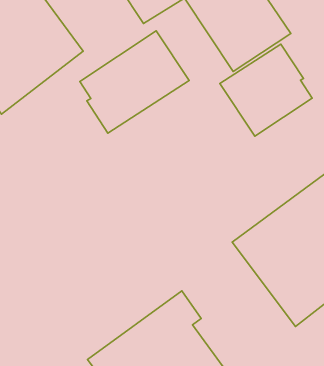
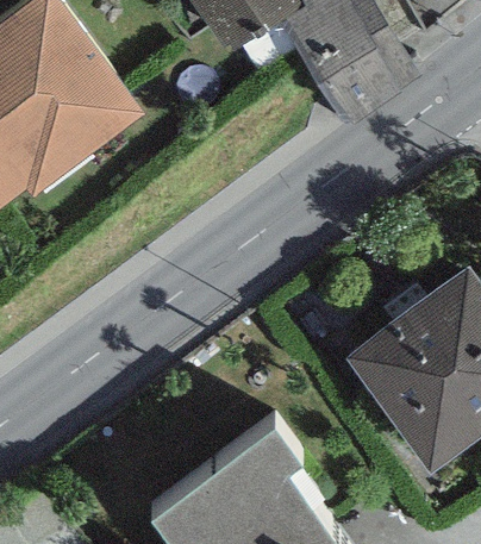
building: [80,31,189,133] -> none
building: [220,44,312,136] -> none

